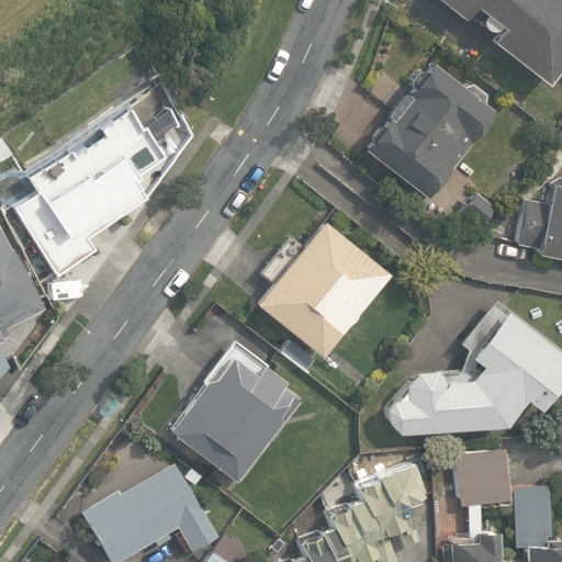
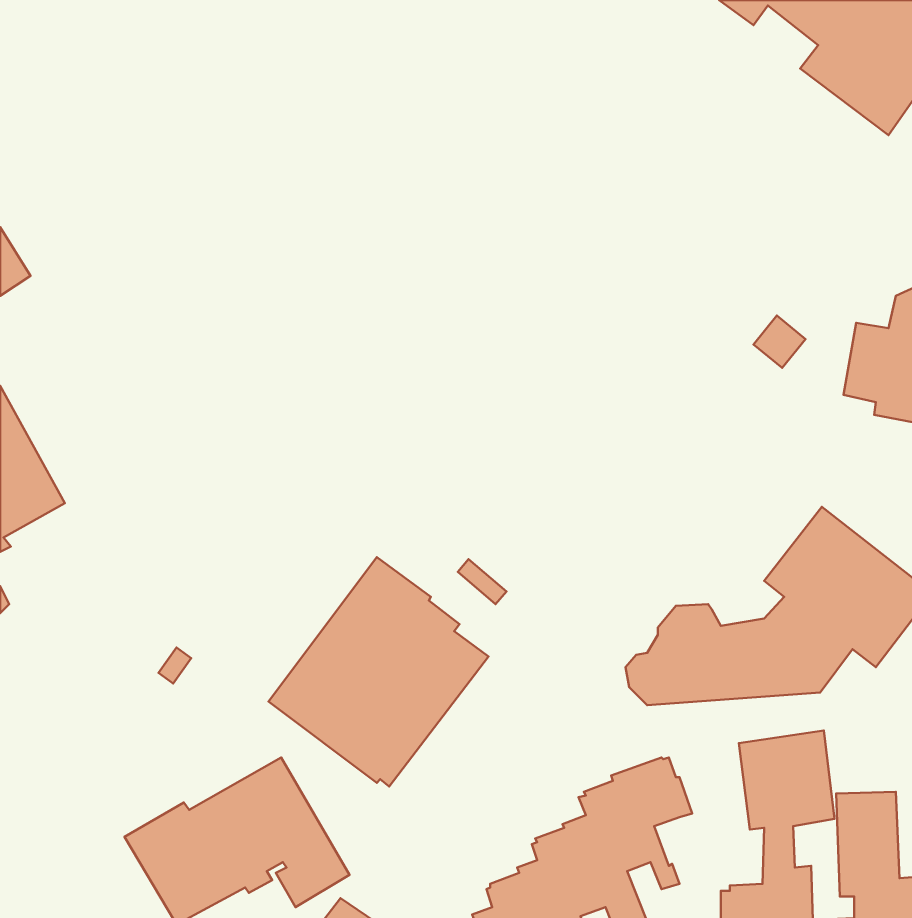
building: [364,63,492,196] -> none
building: [16,87,183,274] -> none
building: [255,220,386,356] -> none

